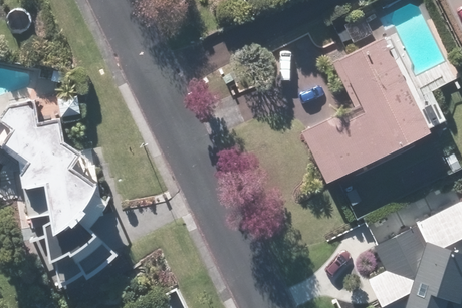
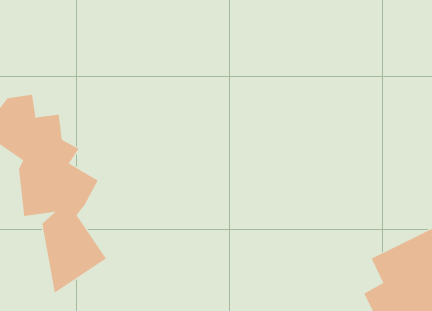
building: [299,43,422,186] -> none

